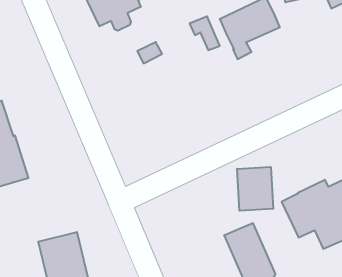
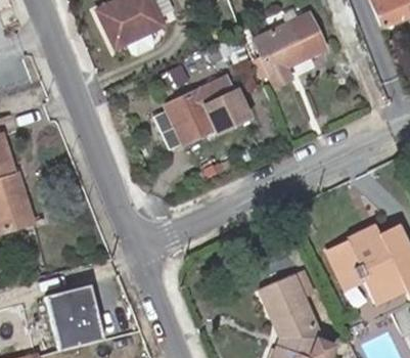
building: none -> [152,77,249,149]
building: [237,167,273,211] -> none

